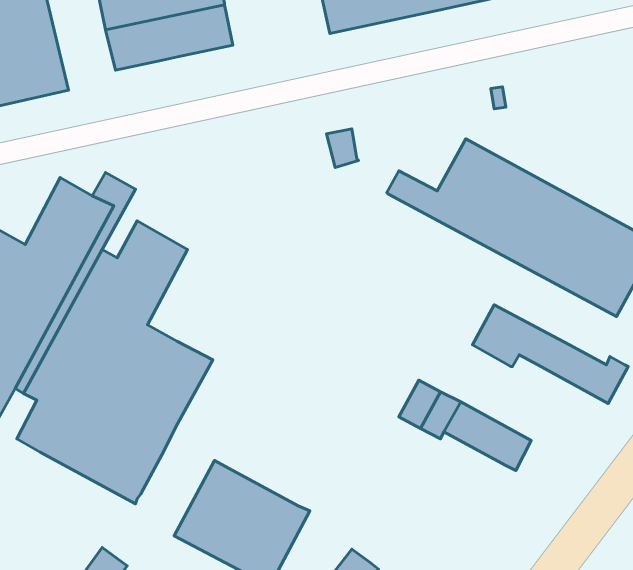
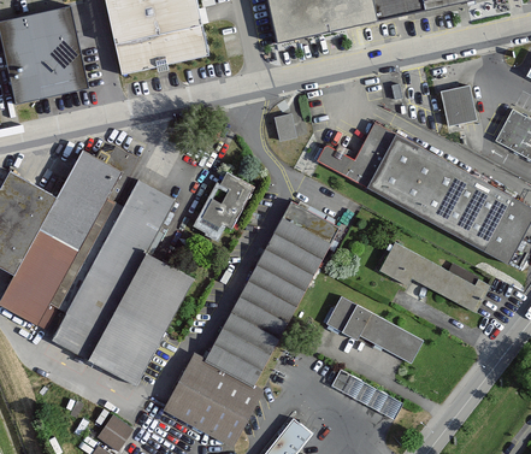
building: none -> [442,87,476,124]
building: none -> [202,172,254,228]
building: none -> [207,202,337,387]
building: none -> [332,370,402,418]

